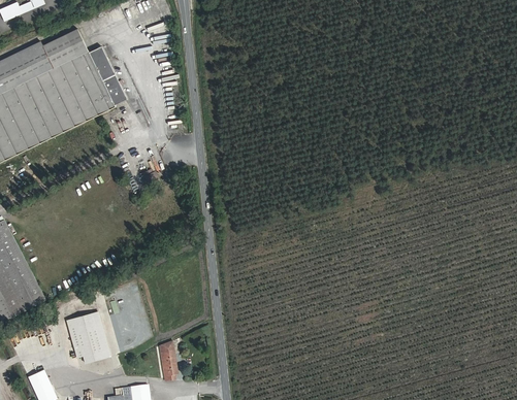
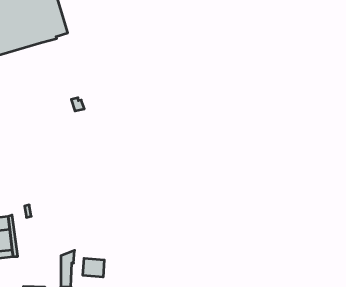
building: none -> [83,258,104,277]

